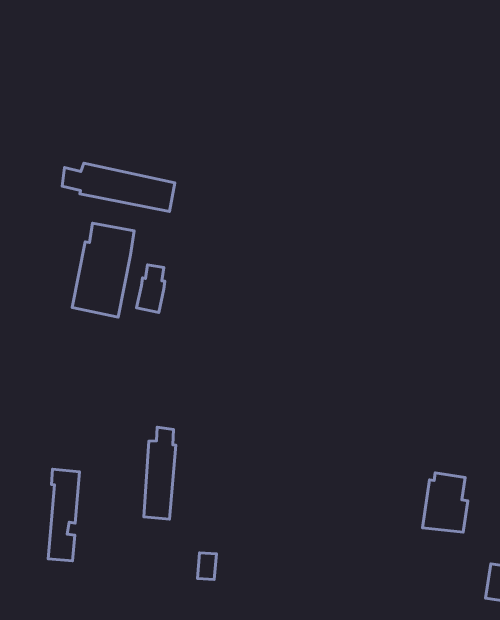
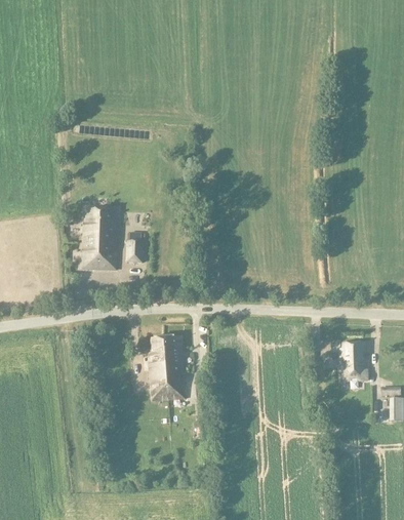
building: [62,163,175,211] -> none
building: [48,469,80,561] -> [166,336,189,398]

